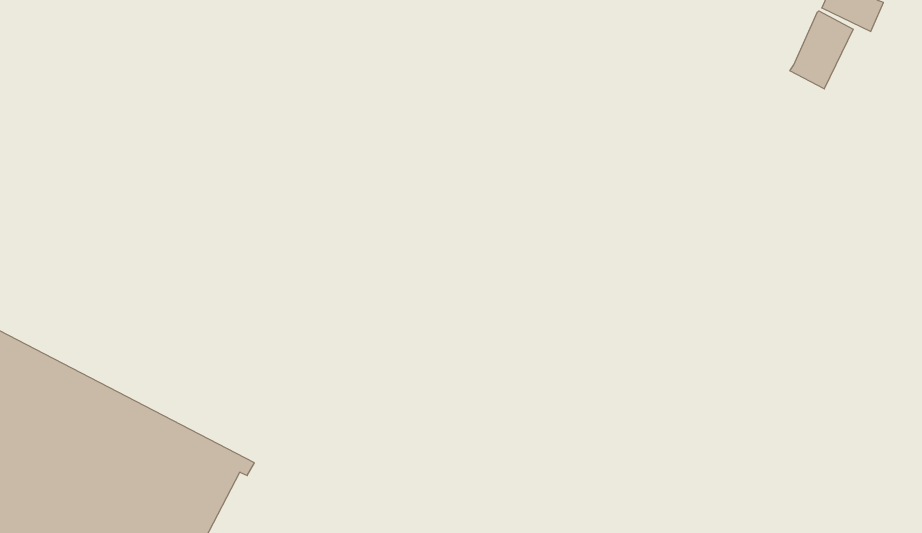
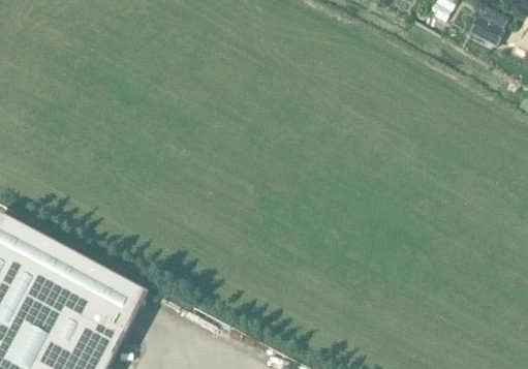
building: [790,11,853,89] -> none

